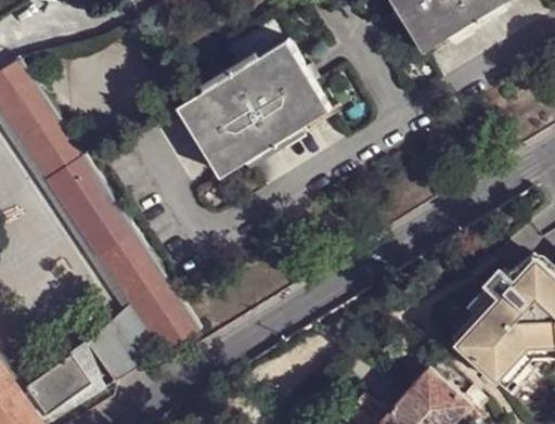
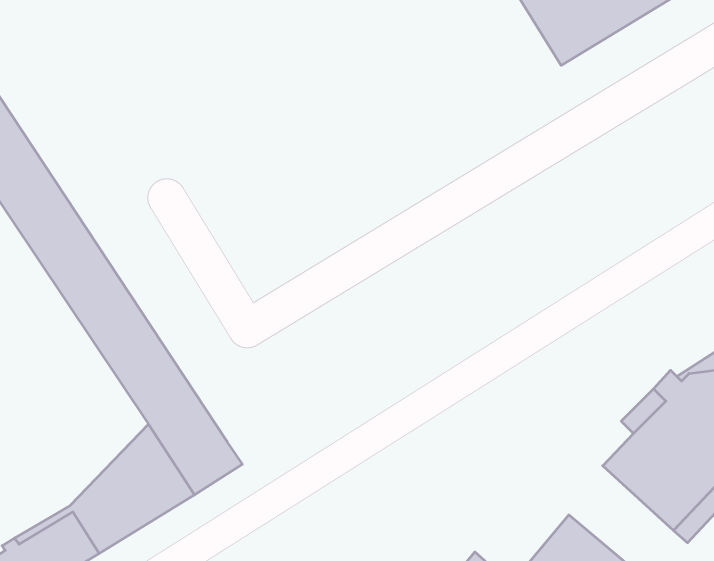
building: [177,40,327,176] -> none

